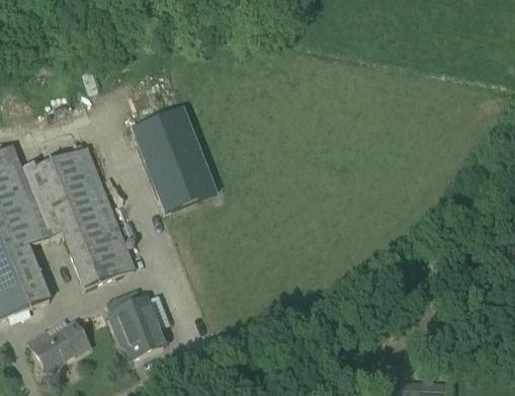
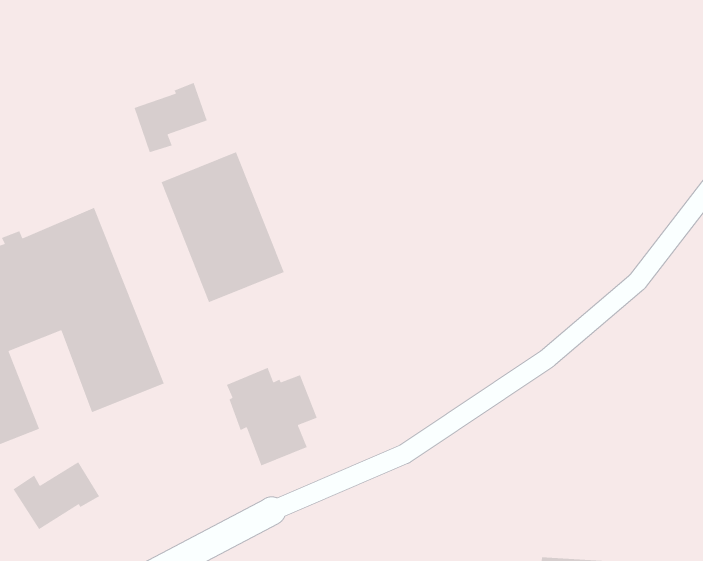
building: none -> [133,82,208,153]
building: [106,289,170,358] -> [226,367,318,466]

